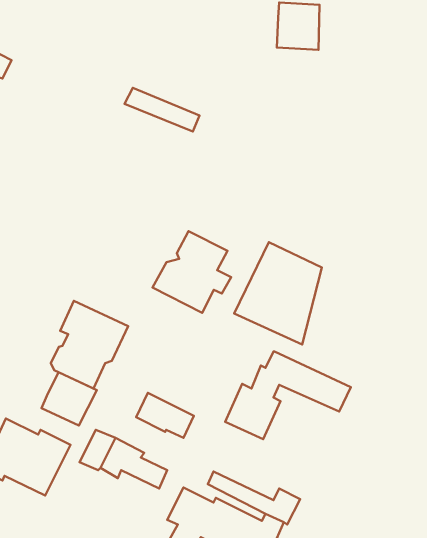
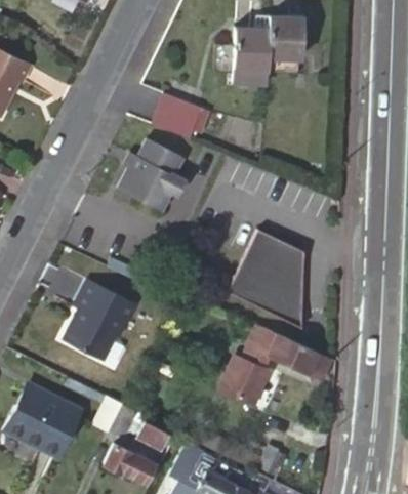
building: none -> [232,28,267,79]
building: [153,231,231,313] -> [118,136,188,209]
building: [42,372,97,425] -> none
building: [136,393,194,438] -> [104,444,155,484]

